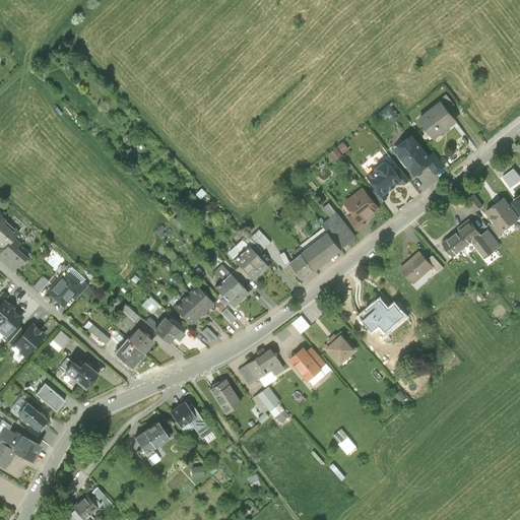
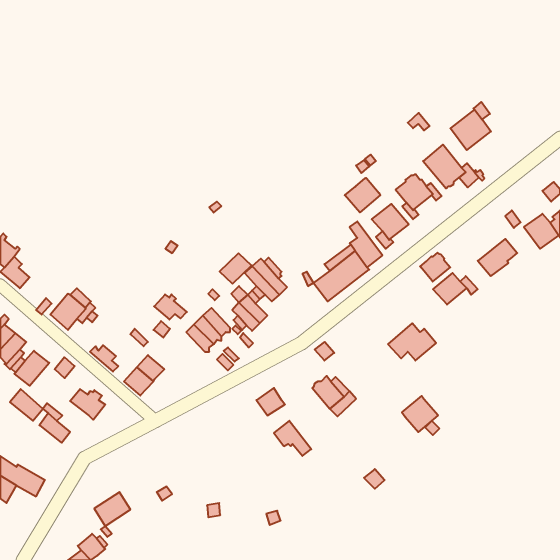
building: none -> [345,178,380,212]
building: [473,229,501,257] -> none
building: none -> [420,253,450,282]
building: none -> [220,253,252,284]
building: [154,319,185,342] -> [154,294,187,320]
building: [324,332,358,366] -> [402,396,438,432]
building: [254,348,282,375] -> none
building: [211,381,239,411] -> none
building: [18,401,49,431] -> [10,389,43,421]
building: [171,402,210,438] -> none
building: [135,420,169,452] -> [94,492,130,526]

